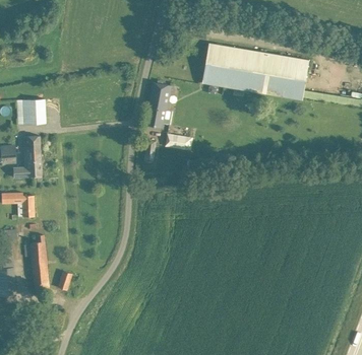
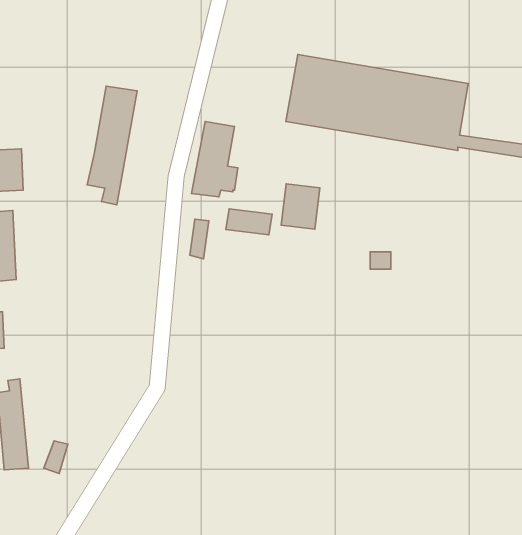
building: none -> [87,86,137,205]
building: none -> [281,184,320,229]

